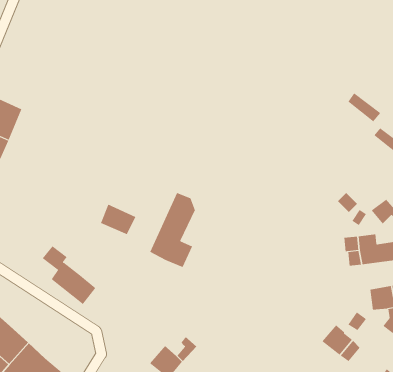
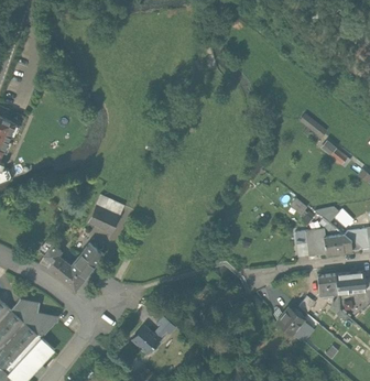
building: [150,192,196,268] -> none
building: none -> [72,244,102,277]
building: none -> [12,298,57,337]

